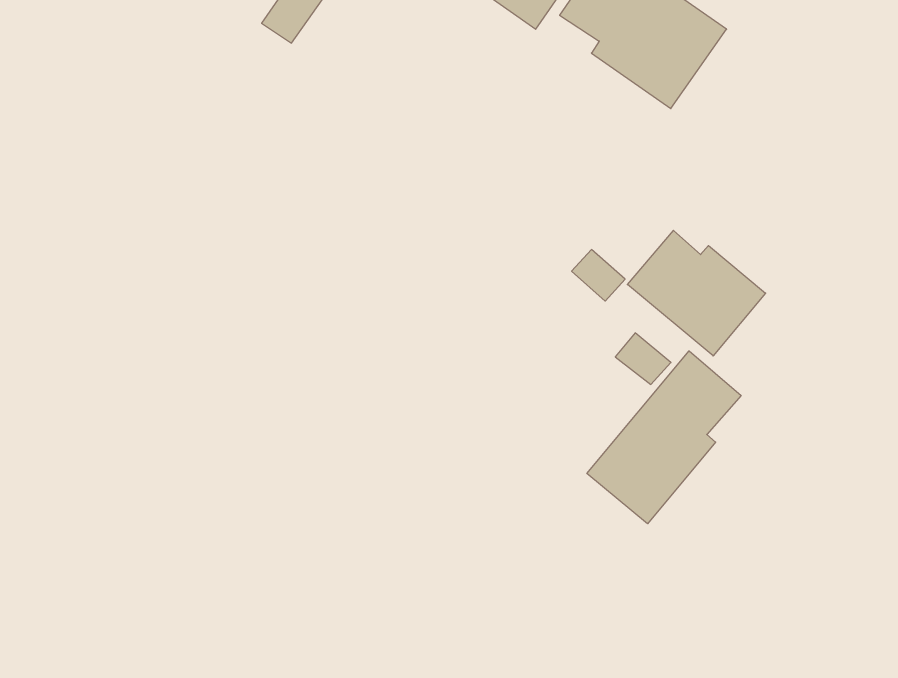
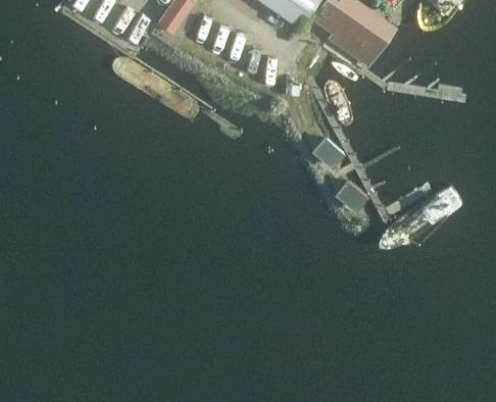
building: [627,230,766,356] -> none
building: [587,351,741,524] -> none

